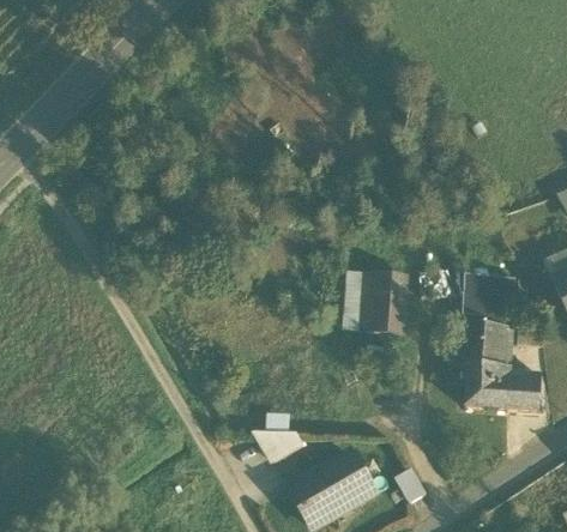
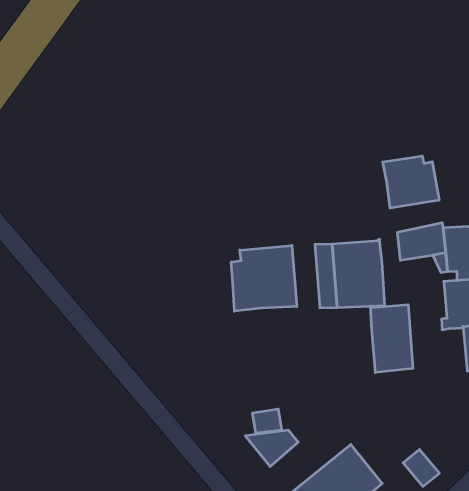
building: none -> [383,156,439,208]
building: none -> [231,245,297,311]
building: none -> [371,305,413,373]

